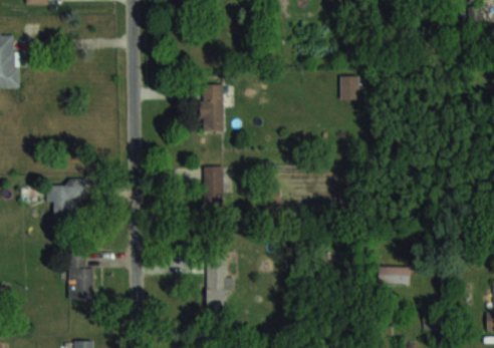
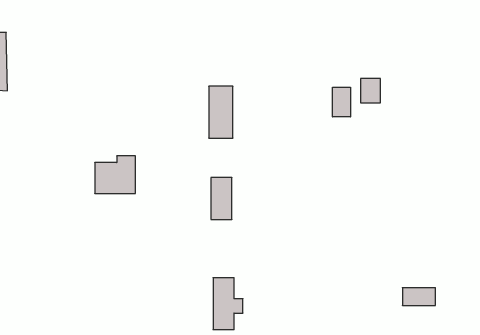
building: none -> [333,87,350,117]
building: [47,181,84,215] -> [95,156,135,193]
building: [68,256,93,300] -> none

